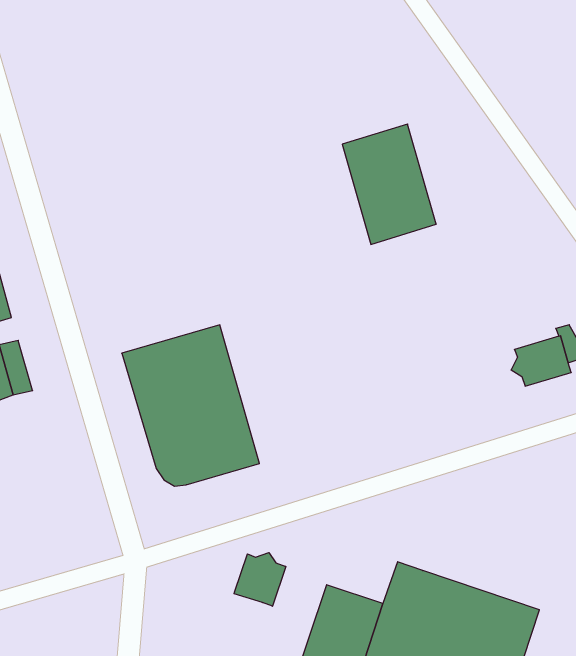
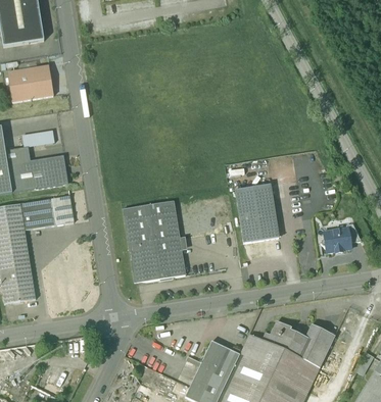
building: [342,124,436,244] -> [235,184,278,243]
building: none -> [261,320,334,367]
building: [234,553,286,606] -> none

